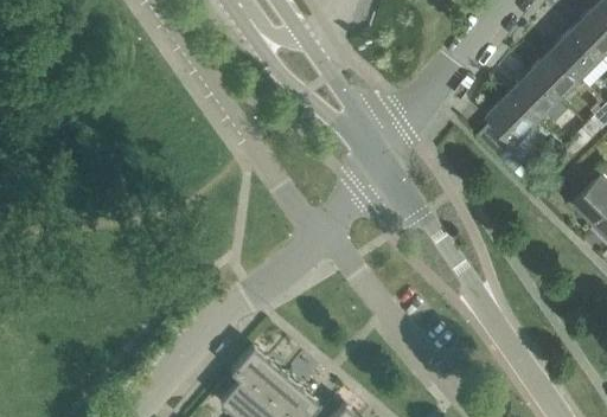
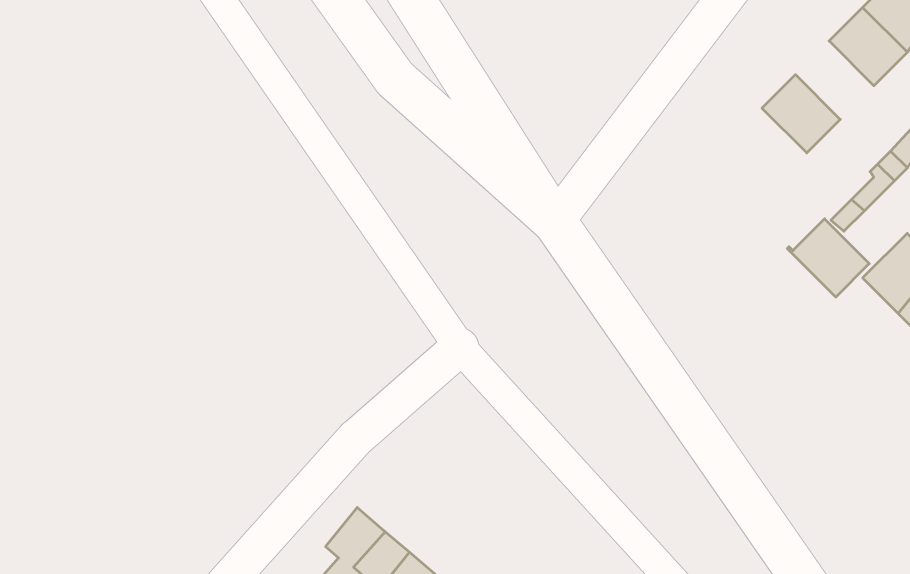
building: [530,51,580,101] -> none
building: [485,94,537,143] -> [787,219,869,297]

